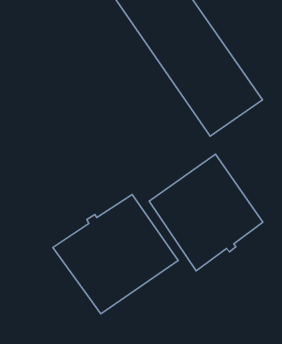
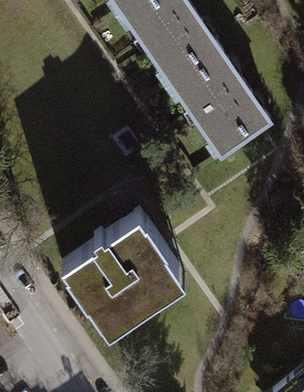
building: [149,154,263,271] -> none

